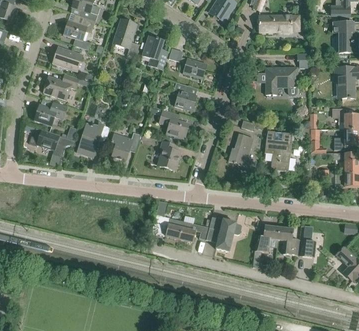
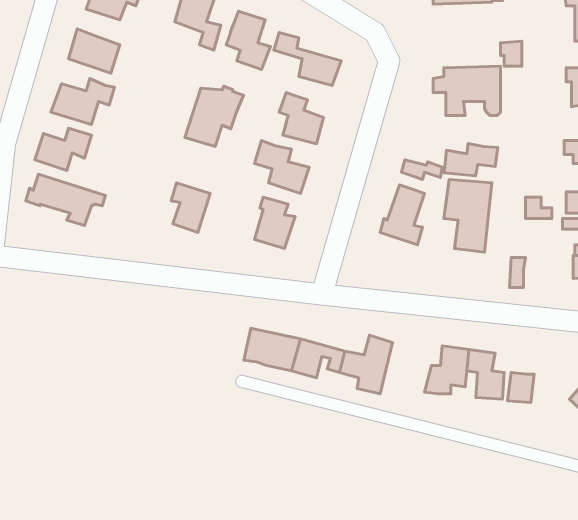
building: none -> [444,143,498,176]
building: [77,122,110,156] -> [185,86,243,146]

